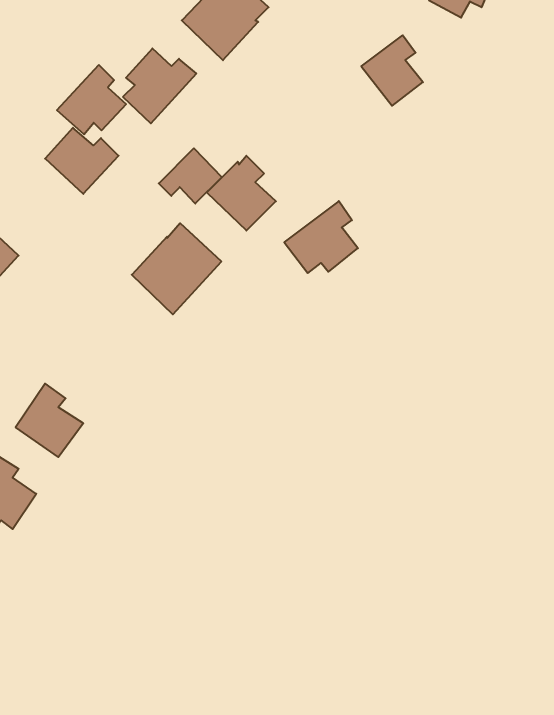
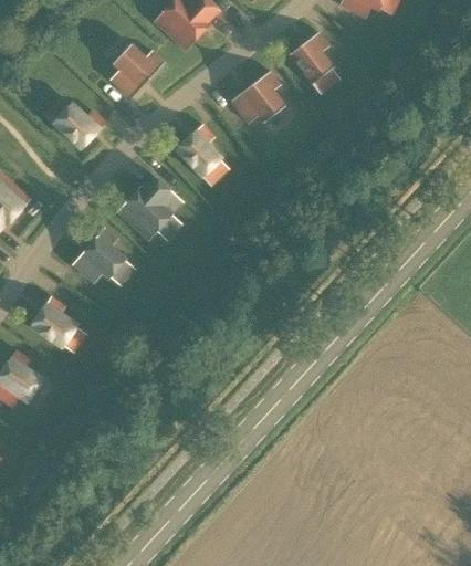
building: [57,65,126,134] -> none
building: [159,148,222,204] -> none
building: [284,201,358,273] -> [231,70,286,124]
building: none -> [72,227,128,283]

